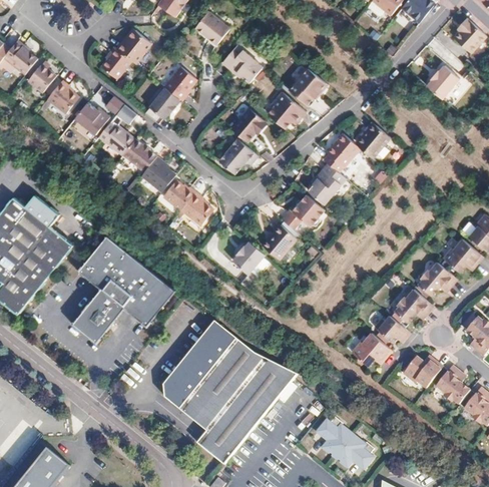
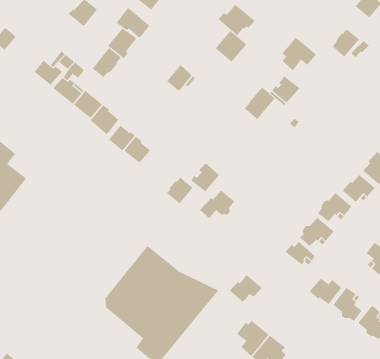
building: [223,45,264,82] -> [116,7,150,39]
building: [103,47,134,80] -> none
building: none -> [282,37,317,71]
building: [50,80,80,112] -> none
building: [263,91,307,129] -> [218,4,255,36]
building: [221,137,260,172] -> none
building: [309,162,346,203] -> none
building: [281,193,323,228] -> [199,189,235,219]
building: [69,234,172,341] -> none
building: [352,335,391,368] -> [229,274,262,302]

